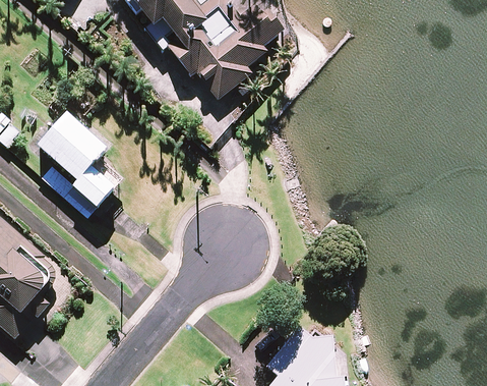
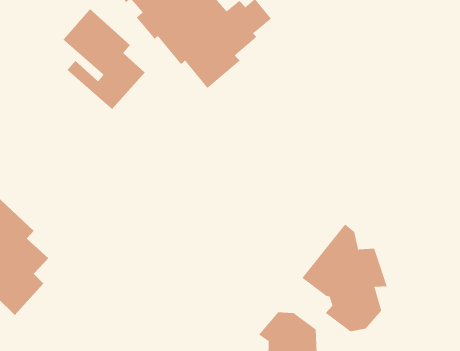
building: [37,111,123,217] -> [63,8,146,110]
building: none -> [302,224,387,332]

